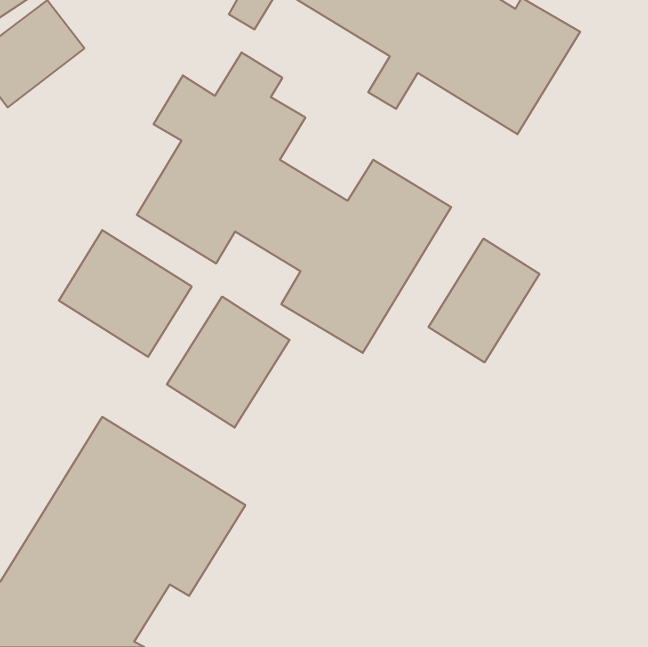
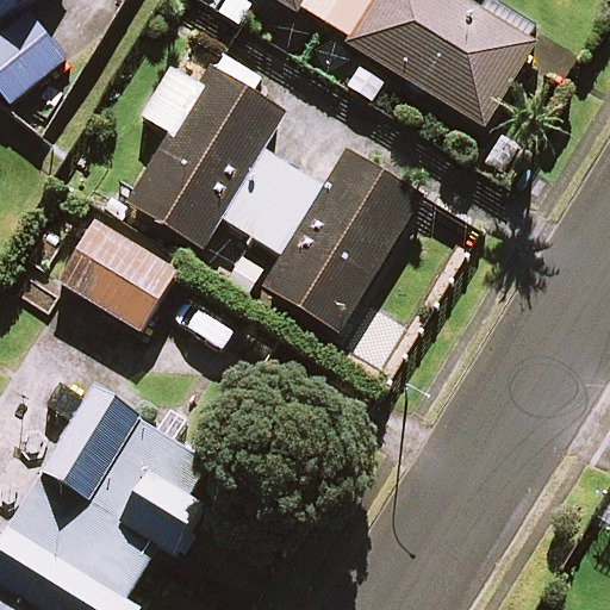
building: [429,239,539,362] -> none
building: [167,297,290,428] -> none

